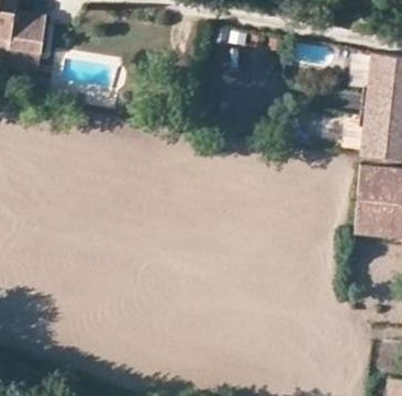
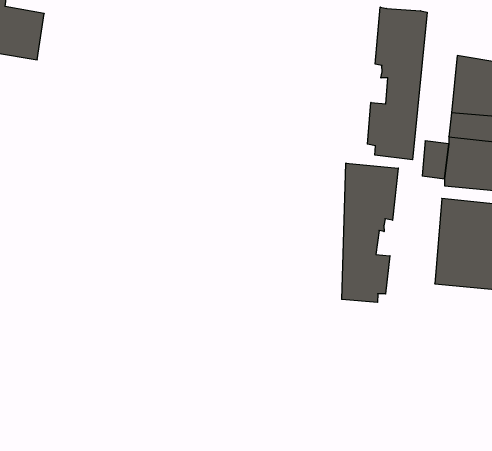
building: none -> [367,7,427,160]
building: none -> [342,163,398,302]

